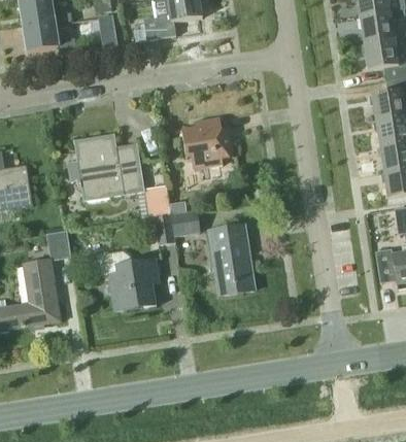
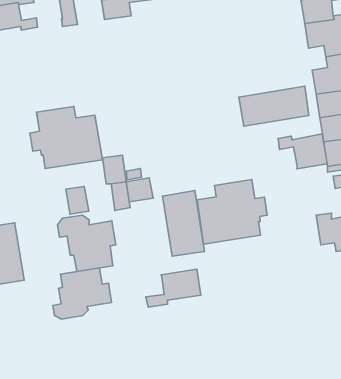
building: none -> [239,86,309,126]
building: [180,116,233,170] -> none
building: none -> [278,134,327,169]
building: none -> [197,180,267,244]
building: [45,230,70,260] -> [66,186,89,214]
building: none -> [53,268,111,319]
building: none -> [146,269,201,307]

